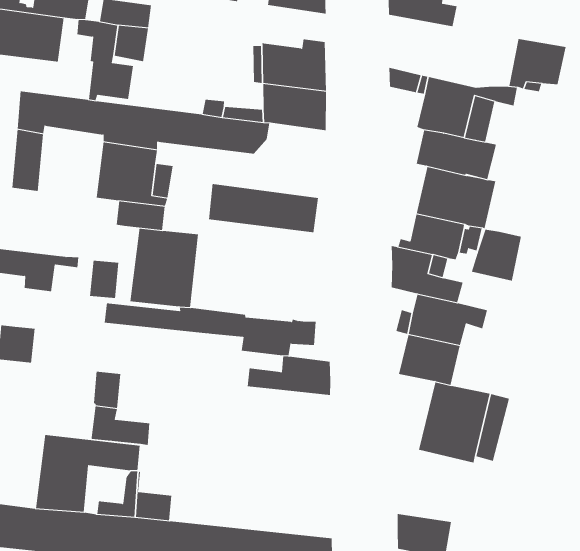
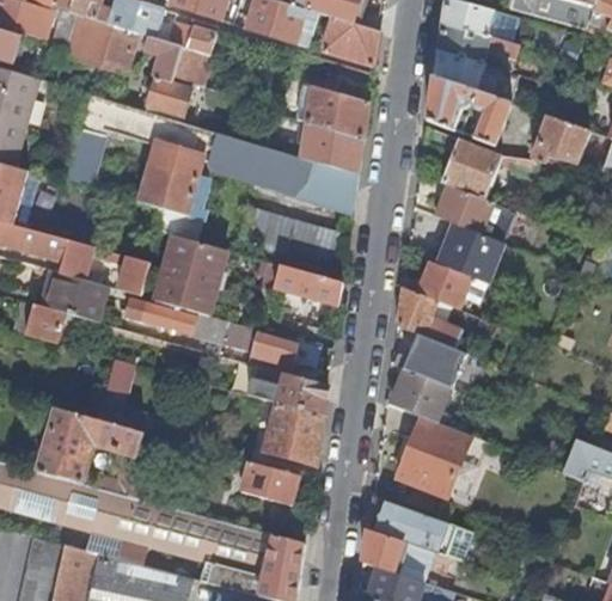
building: none -> [426,76,510,146]
building: none -> [300,158,359,203]
building: [471,229,522,282] -> none
building: none -> [264,262,343,306]
building: none -> [47,271,108,320]
building: none -> [267,403,324,462]
building: none -> [240,462,301,507]
building: none -> [367,497,471,554]

